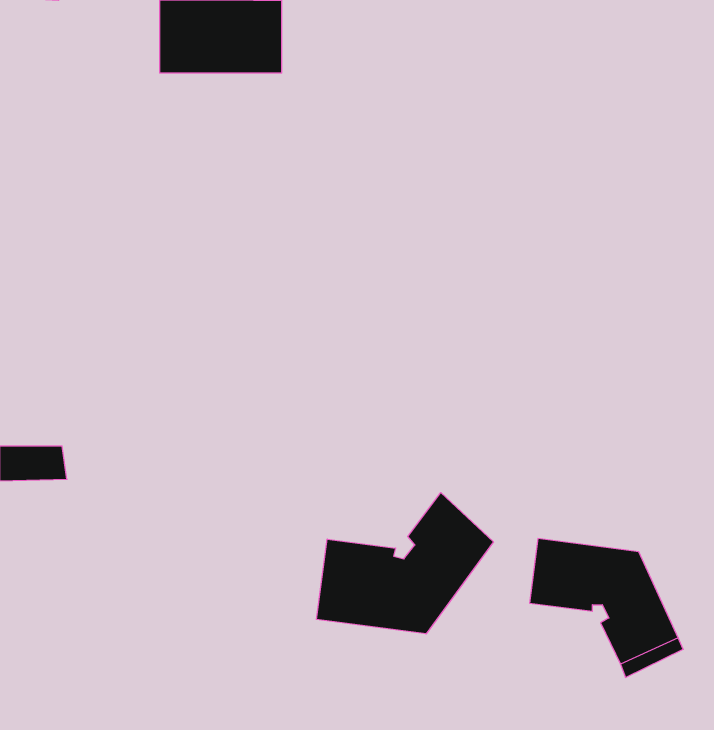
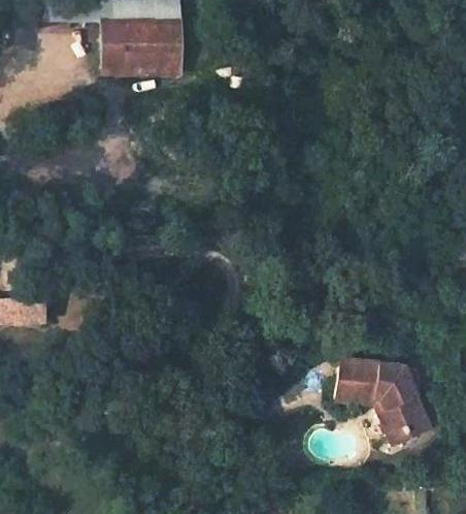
building: [317,493,493,634] -> none

